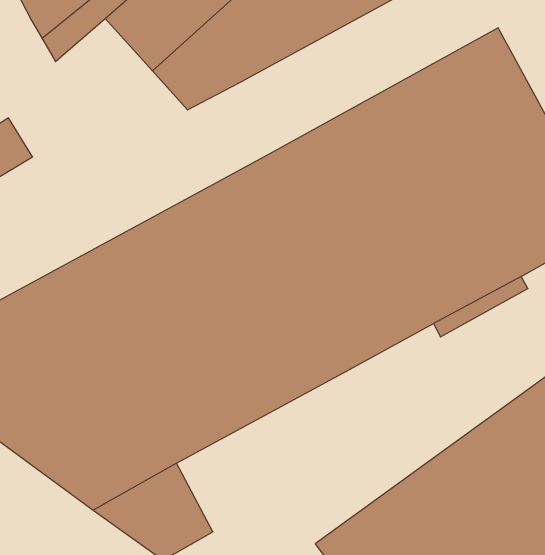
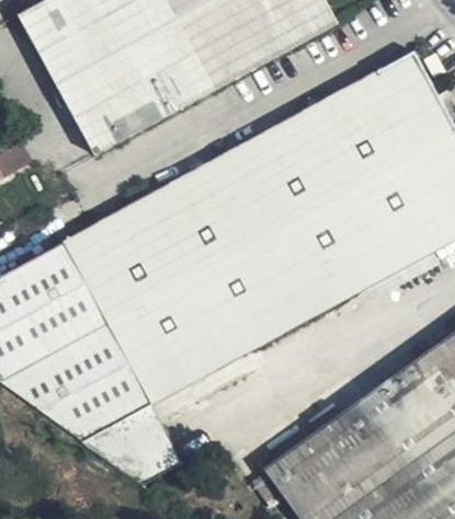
building: none -> [53,43,160,153]

